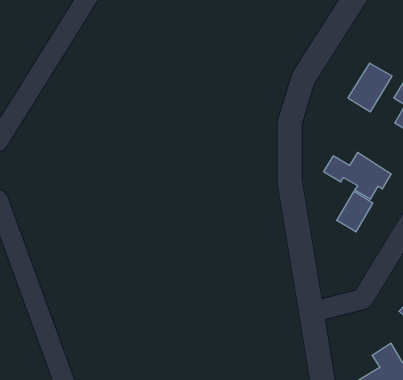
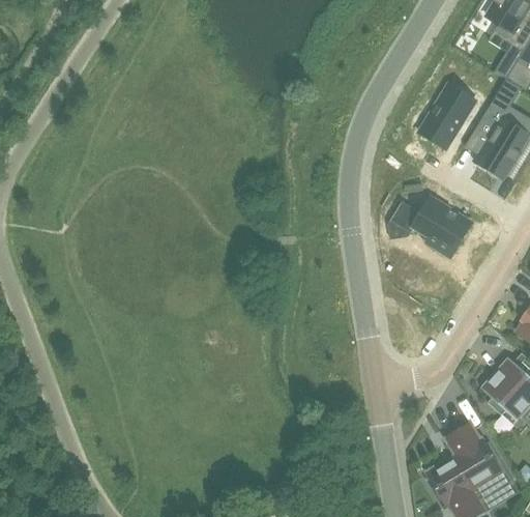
building: [337,191,373,232] -> none

